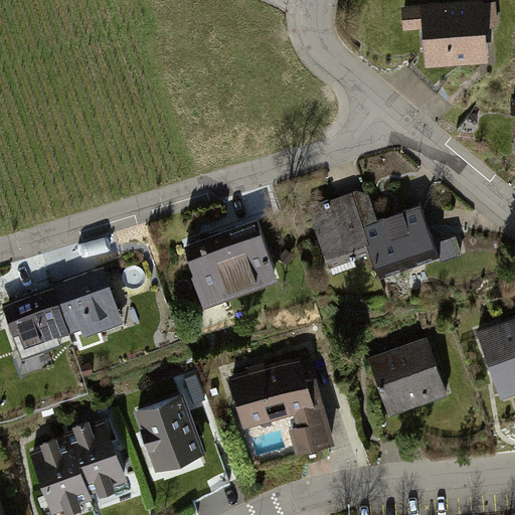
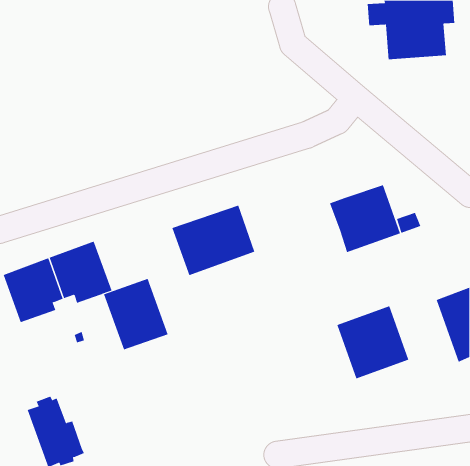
building: [306,190,376,272] -> none
building: [228,357,334,455] -> none
building: [134,393,205,472] -> [103,278,169,350]
building: [60,419,128,497] -> none

